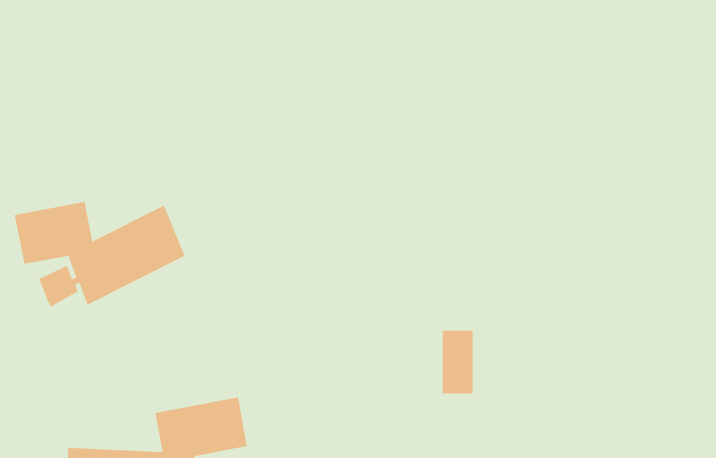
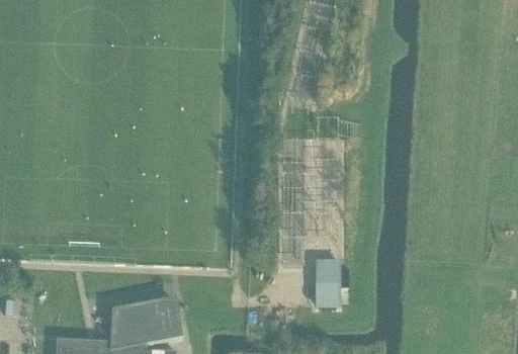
building: [14,201,185,307] -> none

